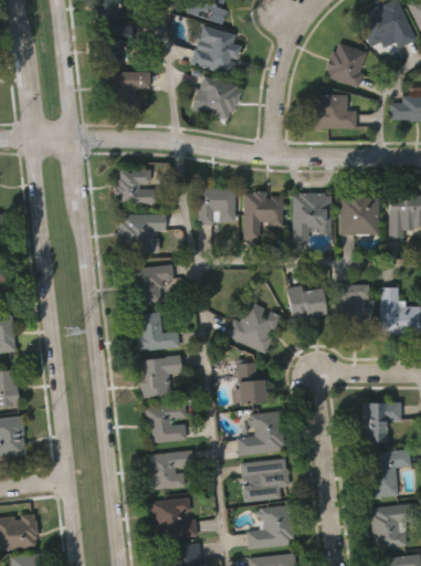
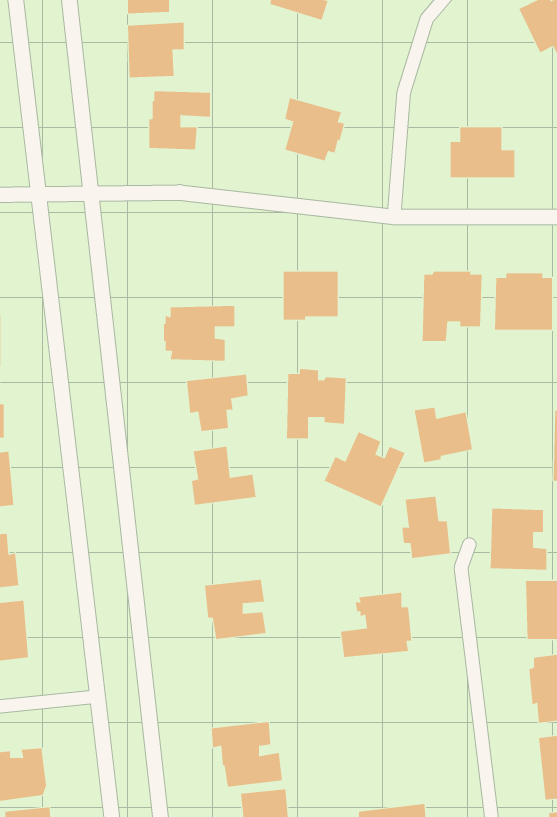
building: [190,25,241,75] -> none
building: [326,42,367,88] -> none
building: [113,169,158,205] -> none
building: [243,190,284,238] -> [286,368,347,439]
building: [334,283,372,325] -> [490,508,547,570]
building: [137,354,181,396] -> none
building: [233,360,266,402] -> [402,496,451,558]
building: [148,450,196,491] -> none
building: [241,459,290,501] -> none
building: [248,503,296,549] -> none

